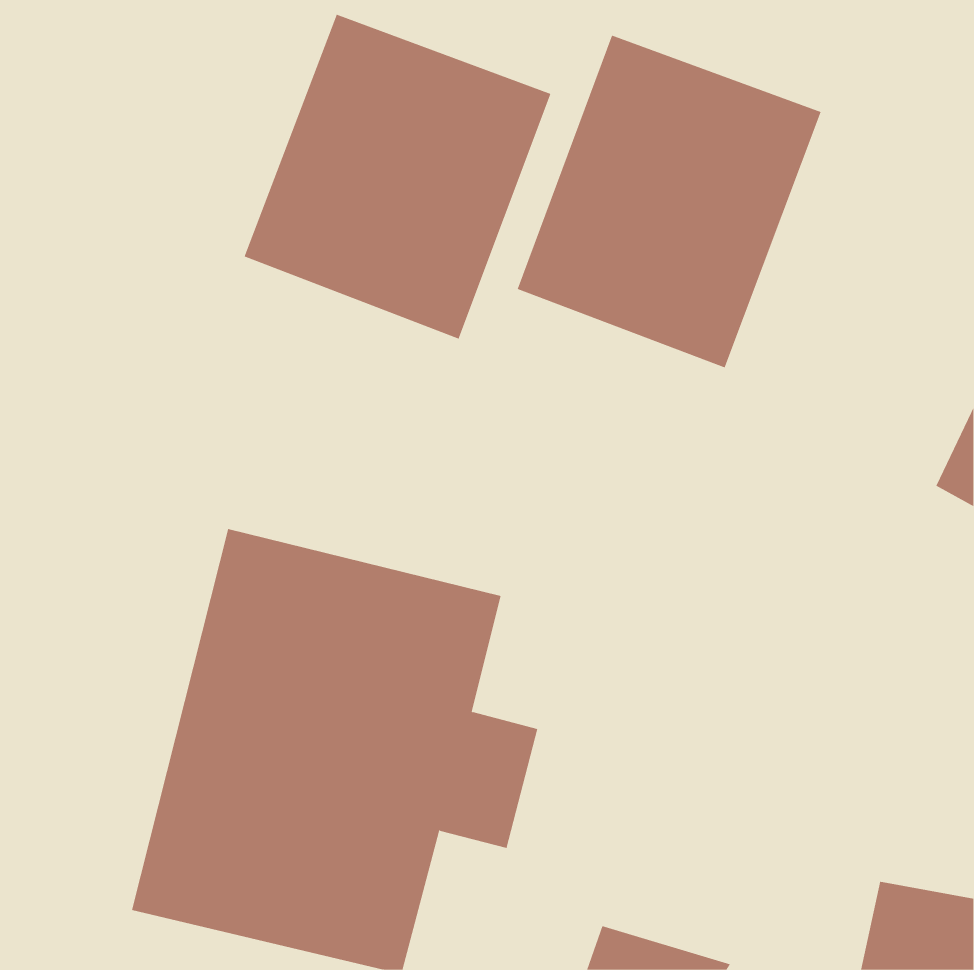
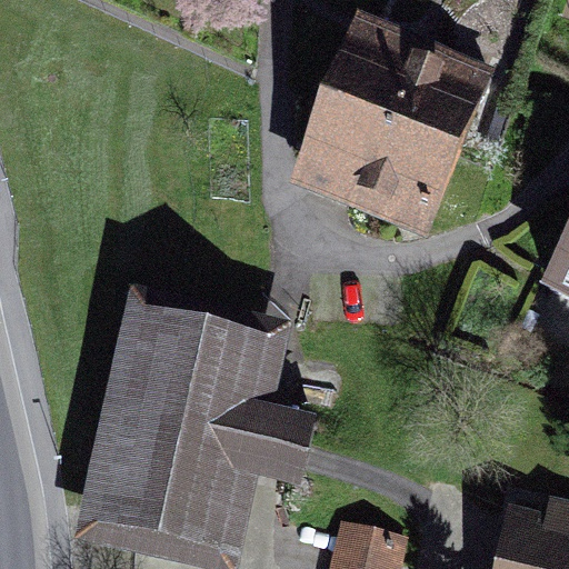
building: [244,14,551,340] -> none

